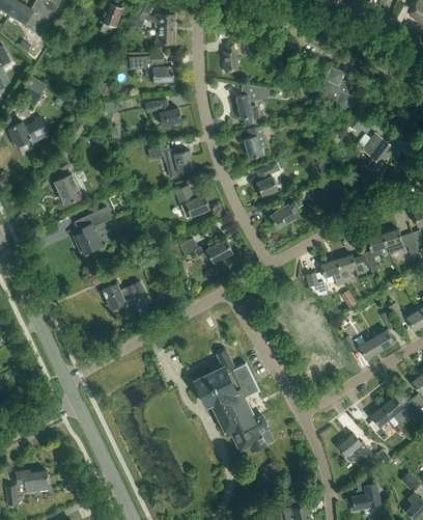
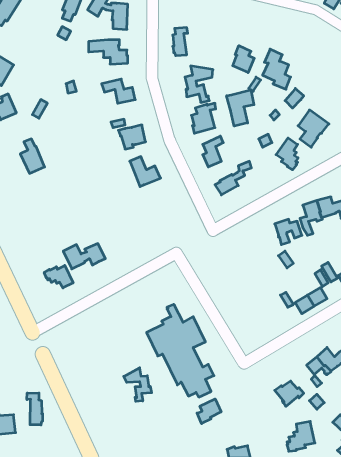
building: none -> [233,46,254,73]
building: none -> [227,90,254,126]
building: none -> [276,138,298,170]
building: [74,207,111,253] -> none
building: [180,238,232,263] -> none
building: [306,259,344,296] -> none
building: none -> [44,265,73,288]
building: none -> [124,368,152,401]
building: none -> [27,393,43,425]
building: none -> [197,399,221,424]

